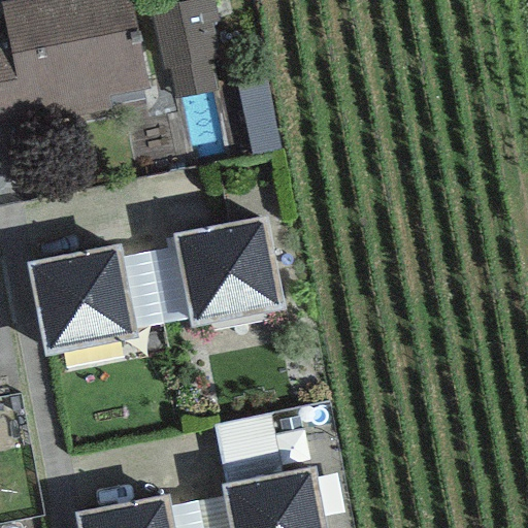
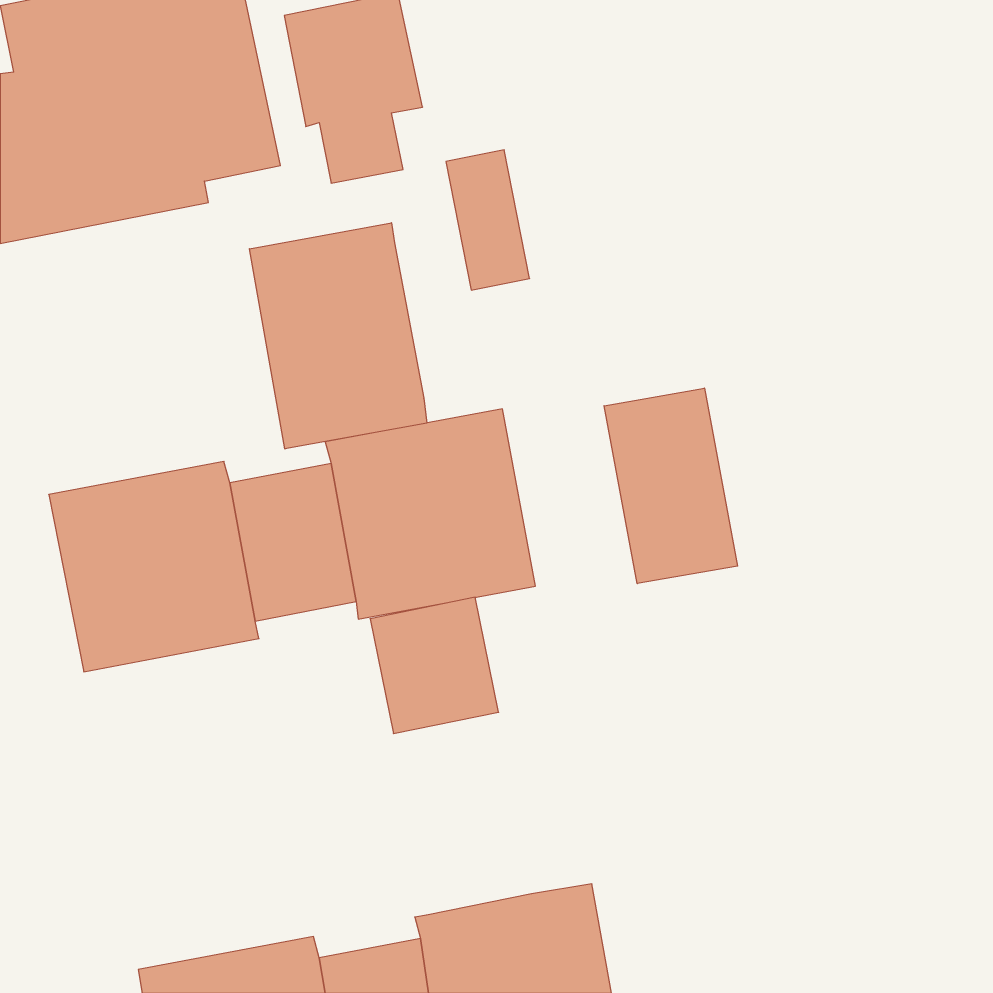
building: none -> [249,223,427,449]
building: none -> [604,388,738,584]
building: [214,412,283,485] -> [370,597,499,734]

